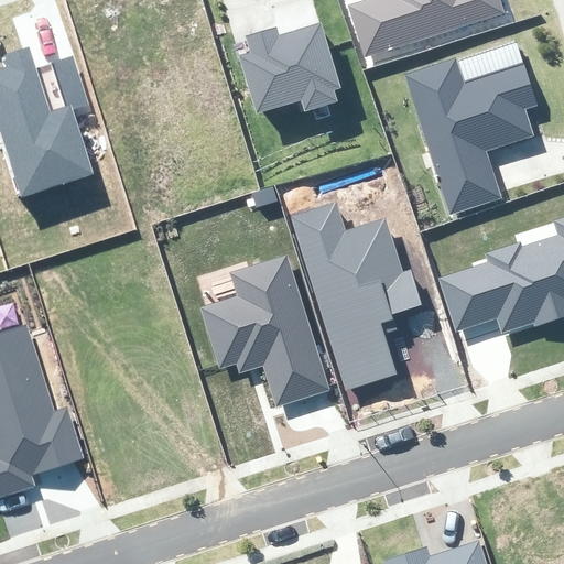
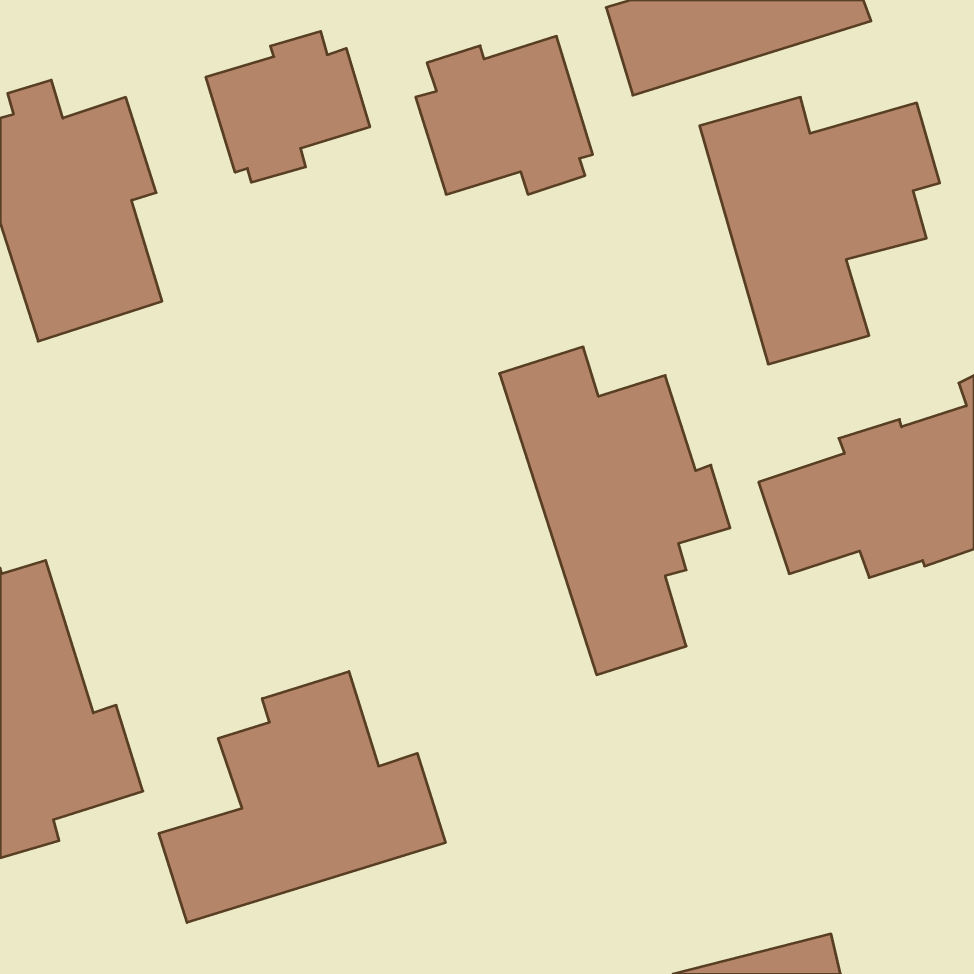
building: none -> [206,31,370,182]
building: [199,254,329,405] -> none
building: none -> [159,671,445,923]

